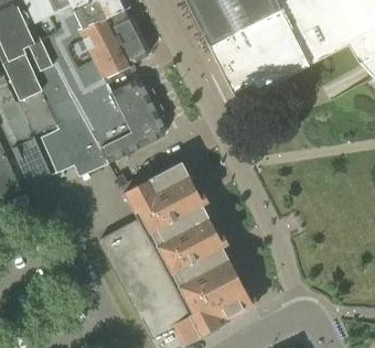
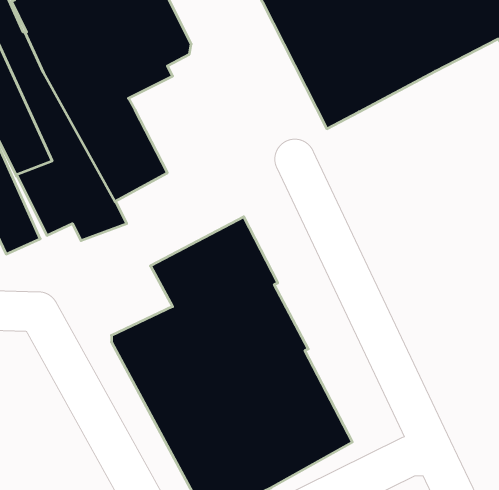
building: [99,76,167,165] -> none

